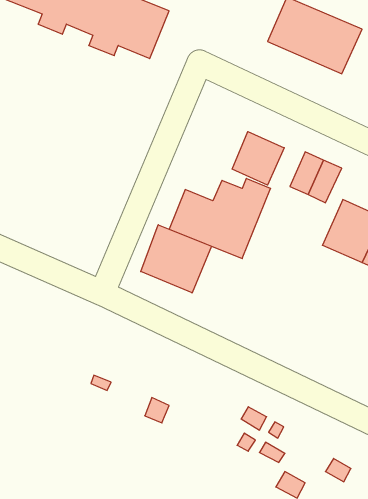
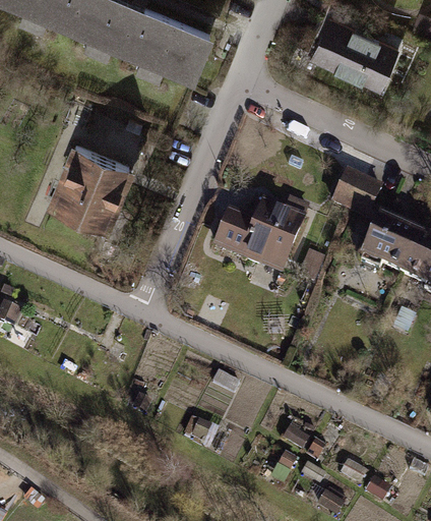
building: none -> [47,139,133,230]
building: [232,132,284,185] -> none
building: [141,225,211,293] -> none

